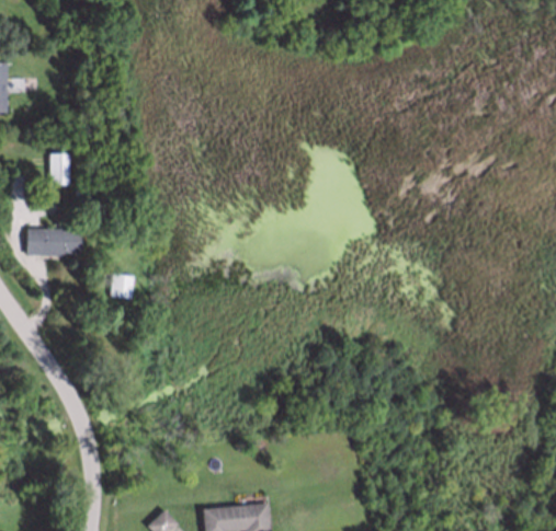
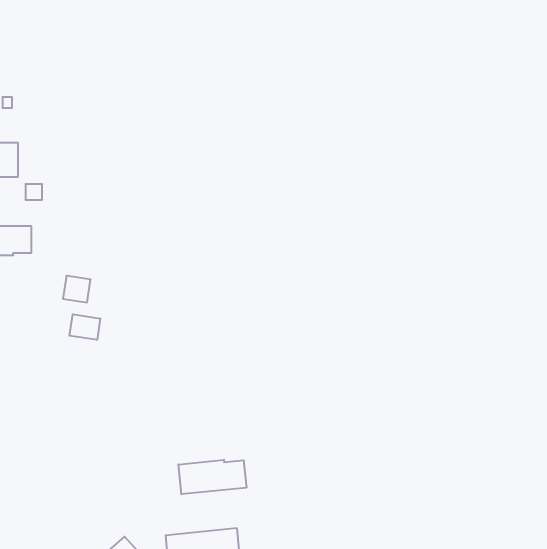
building: none -> [69,314,100,340]
building: none -> [178,460,246,494]

